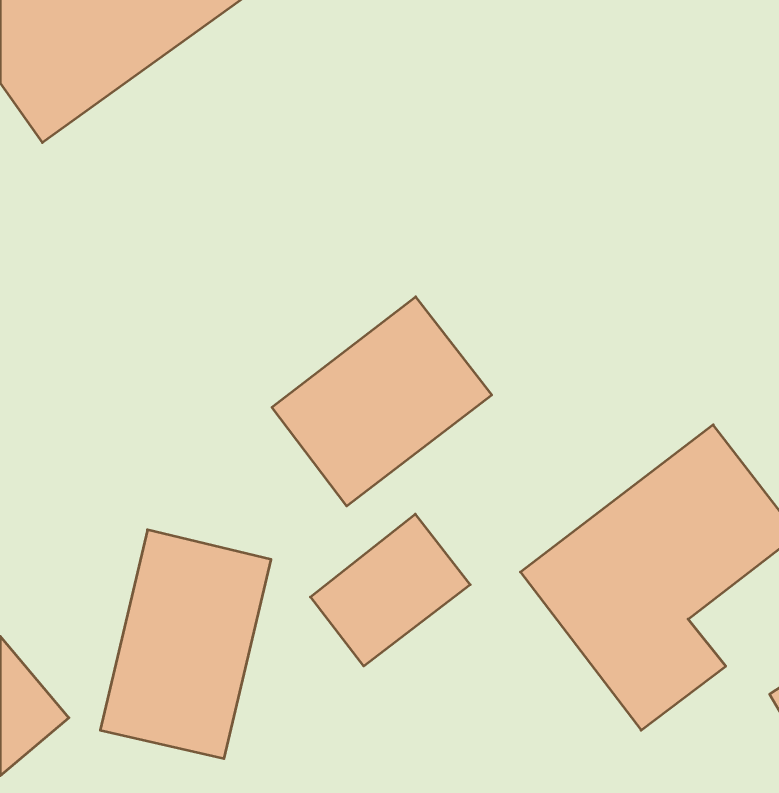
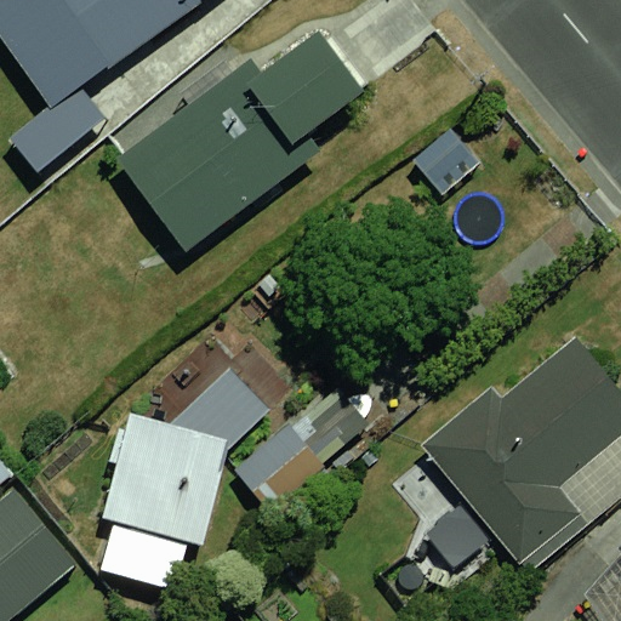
building: none -> [116,17,378,252]
building: [272,297,492,506] -> none

